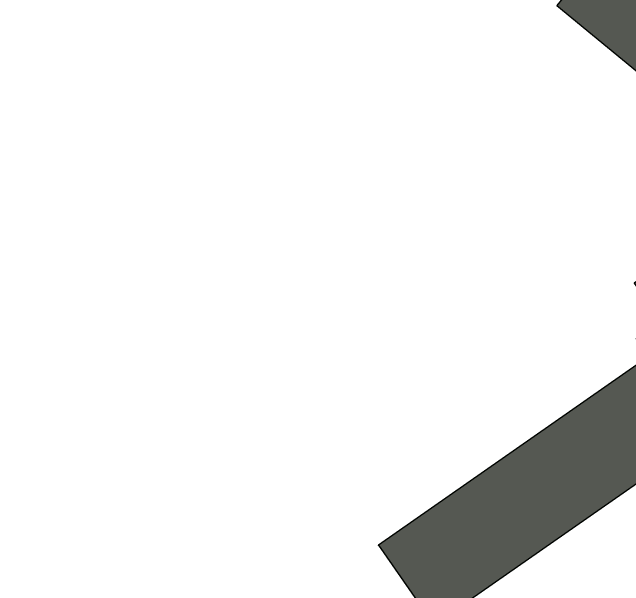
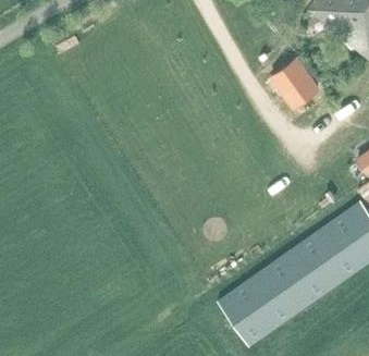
building: none -> [271,59,319,109]

